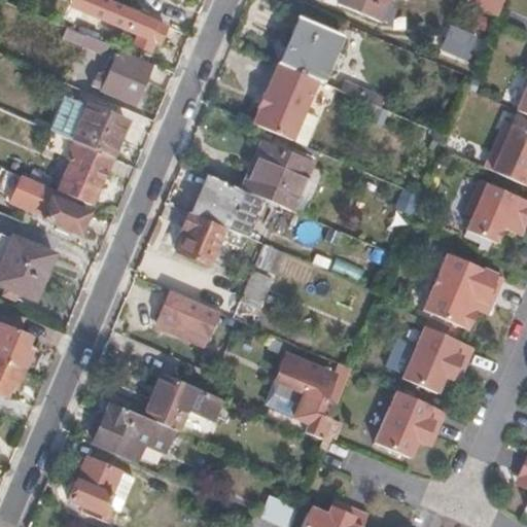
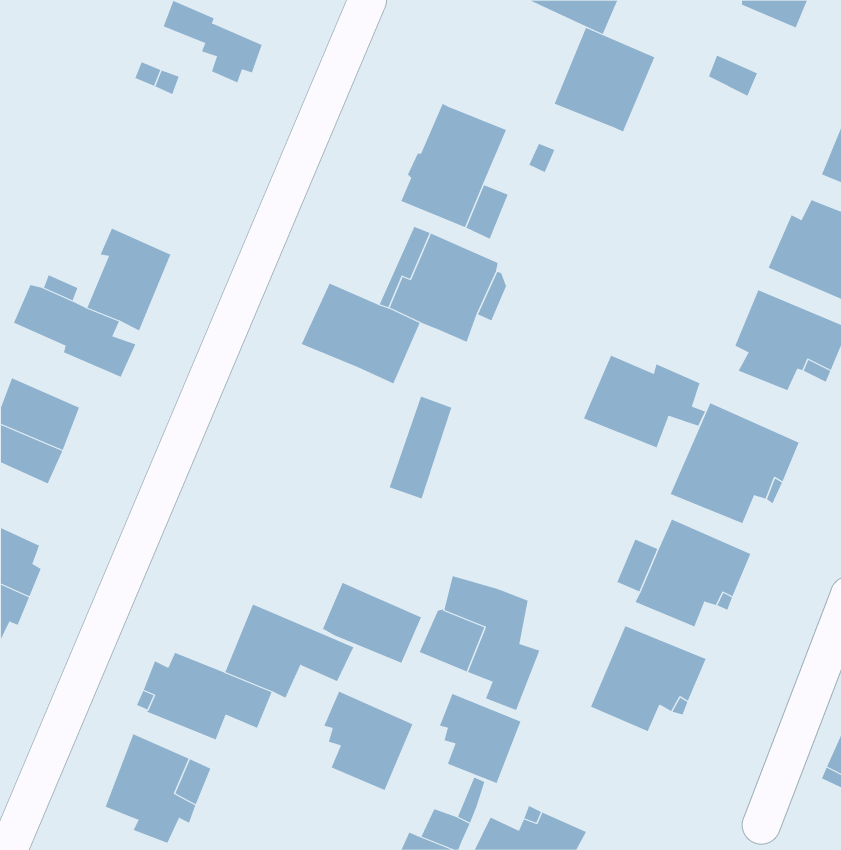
building: [283,19,346,83] -> [554,27,655,132]
building: [105,52,151,105] -> none
building: [48,97,126,157] -> none
building: [174,213,226,267] -> none
building: none -> [583,355,706,448]
building: [160,290,221,341] -> [322,582,422,664]
building: none -> [324,691,413,791]
building: none -> [439,693,521,784]

